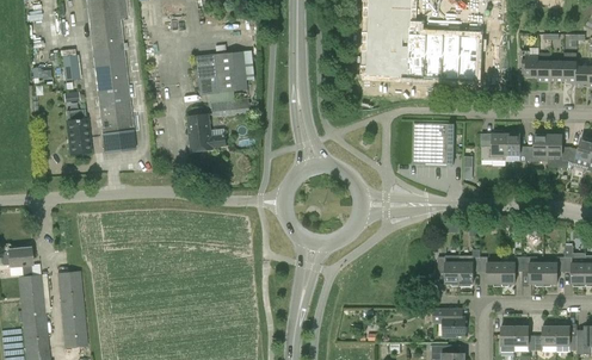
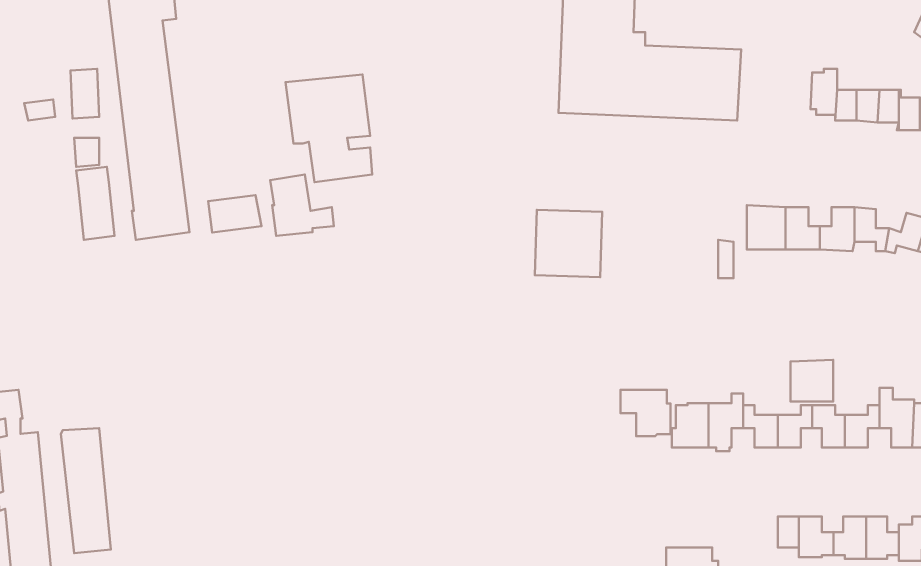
building: [412,123,454,165] -> [535,210,602,277]
building: none -> [208,195,261,232]
building: none -> [790,360,833,402]
building: [433,308,464,336] -> [621,390,671,436]

